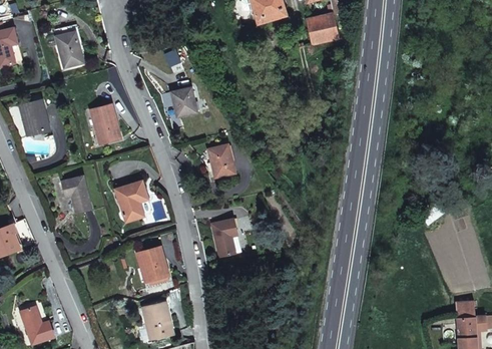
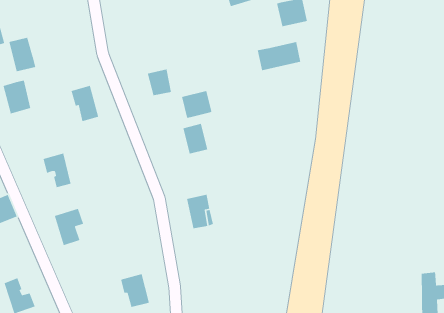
building: [55,31,84,68] -> [9,37,36,72]
building: none -> [257,41,301,71]
building: none -> [181,90,213,119]
building: [115,182,147,222] -> [54,208,84,246]
building: [136,247,168,282] -> none

